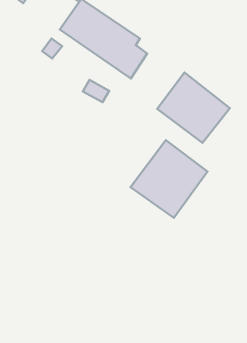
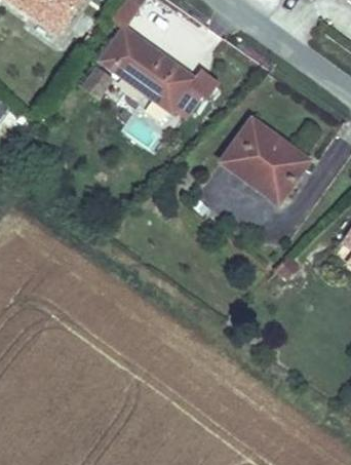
building: [130,140,207,218] -> none

